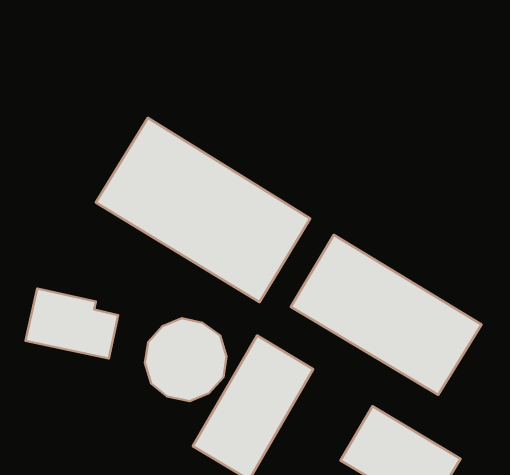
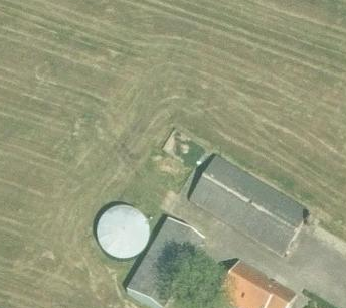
building: [96,118,310,302] -> none
building: [25,289,118,359] -> none

